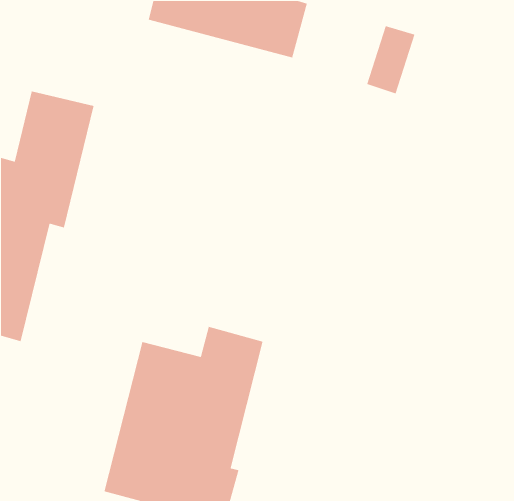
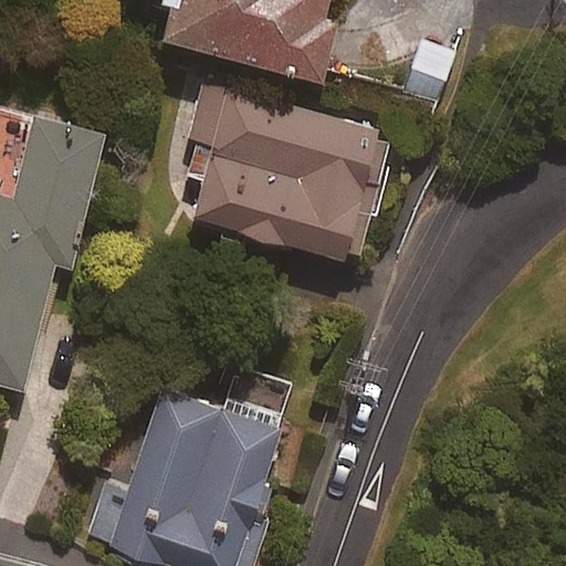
building: none -> [175,88,376,259]

